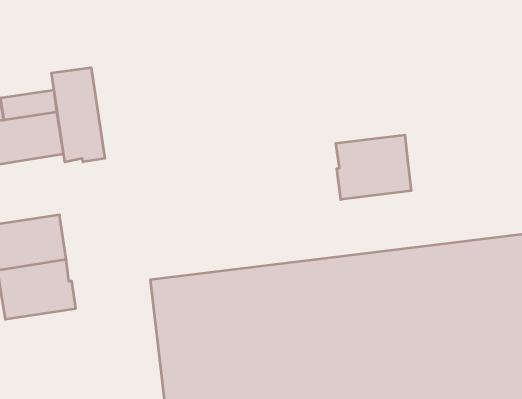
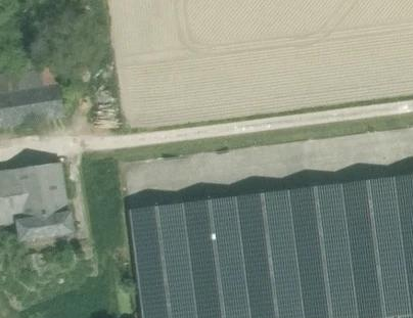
building: [52,68,105,162] -> none
building: [336,135,411,200] -> none

